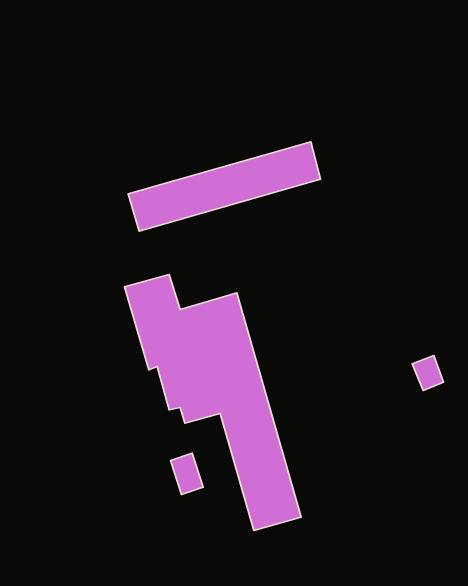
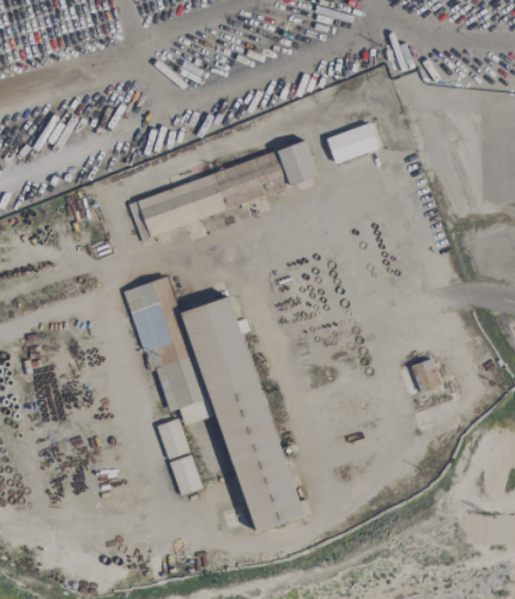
building: none -> [326,122,380,163]
building: none -> [157,417,190,459]

